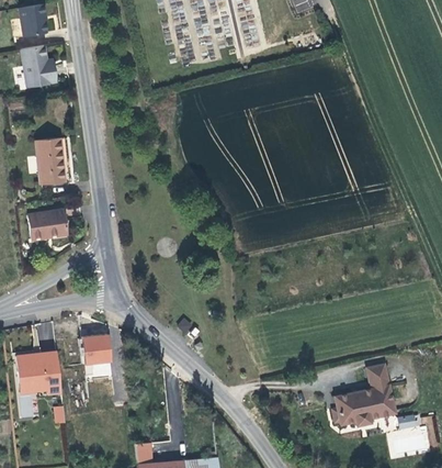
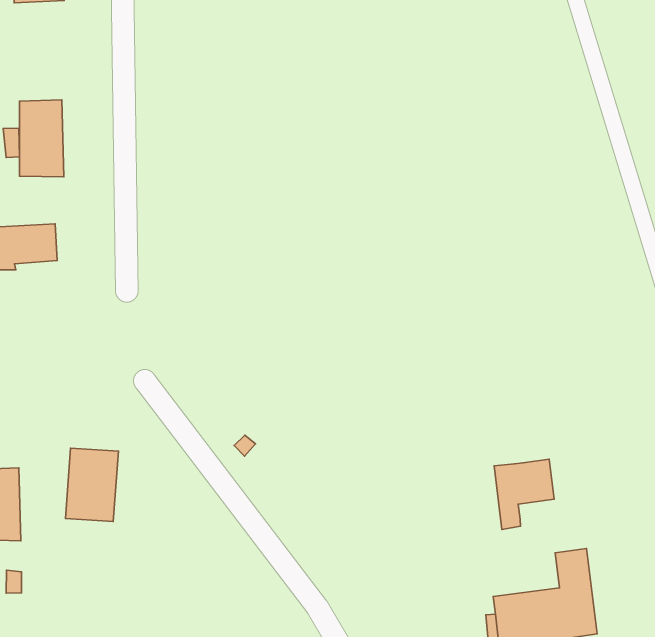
building: none -> [494,459,554,530]

